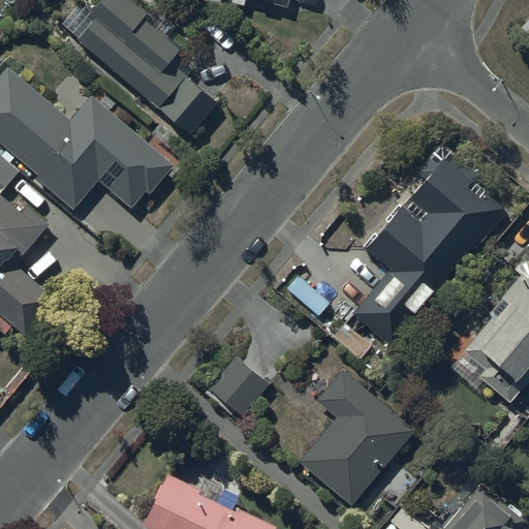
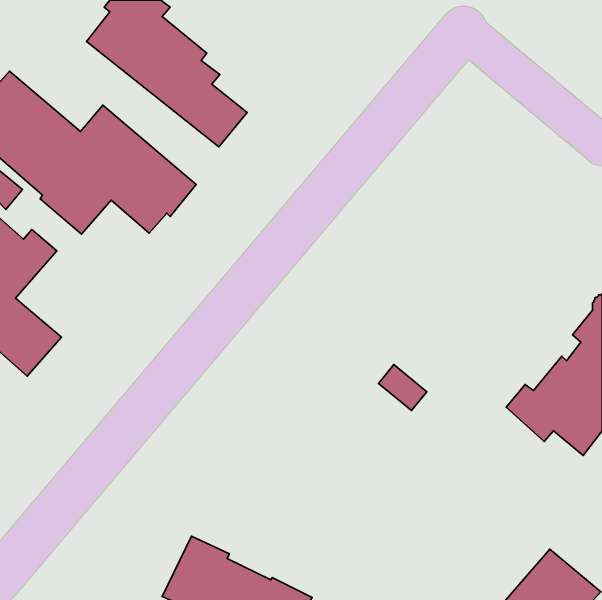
building: [350,143,508,344] -> none
building: [209,355,269,415] -> none
building: [299,368,415,505] -> none

